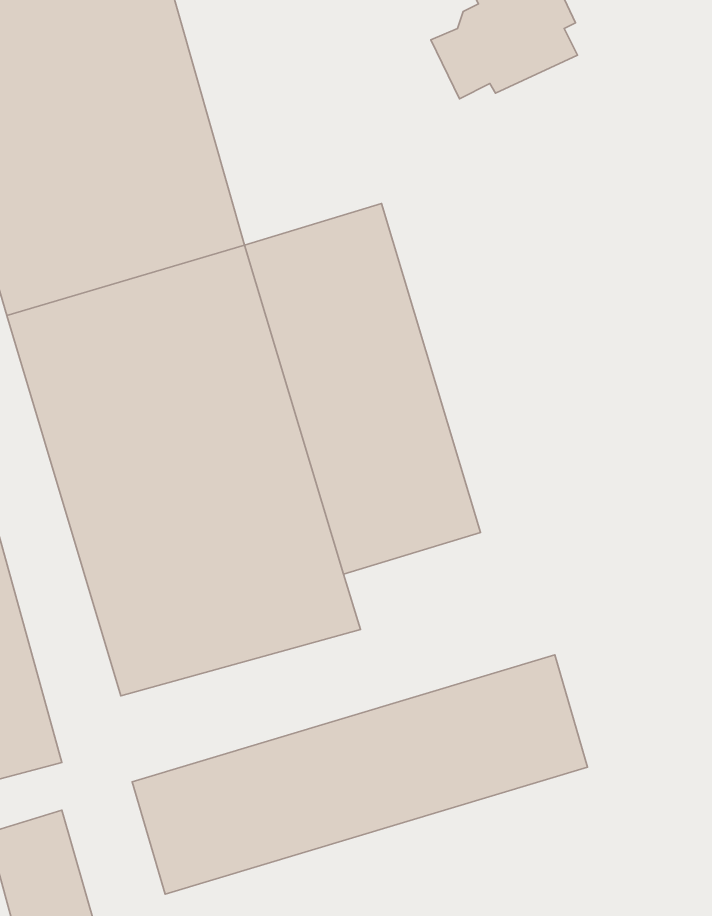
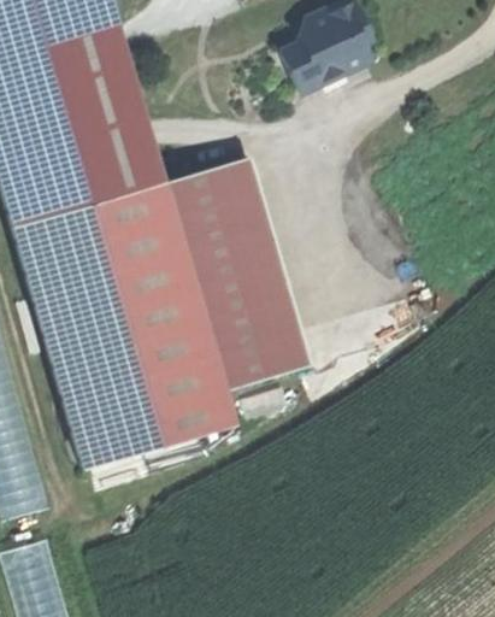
building: [132,655,588,894] -> none

